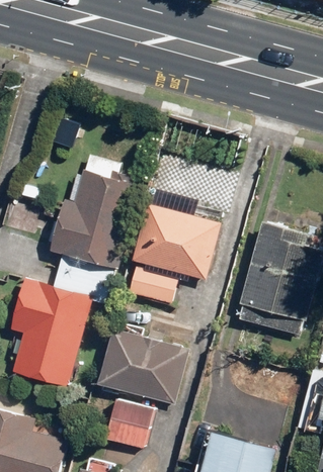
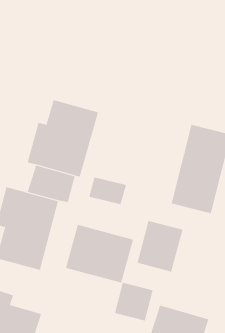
building: [133,205,220,280] -> none
building: none -> [137,220,183,272]
building: [102,399,152,449] -> [114,282,154,321]

